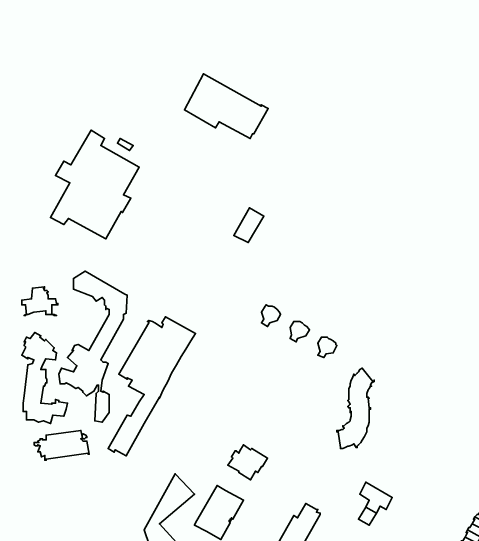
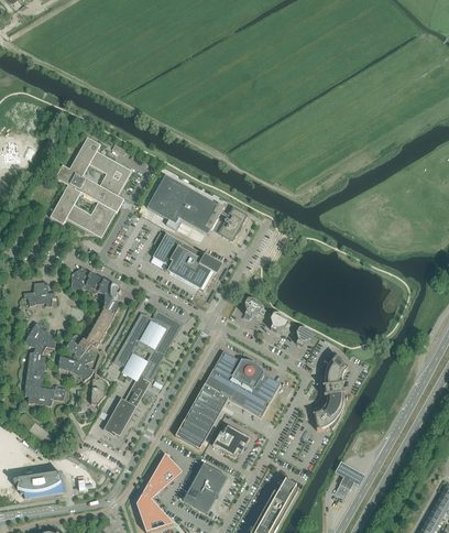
building: [184,74,268,138] -> [146,174,223,233]
building: none -> [152,233,218,292]
building: none -> [174,350,280,449]
building: [34,430,89,460] -> [13,469,64,497]

